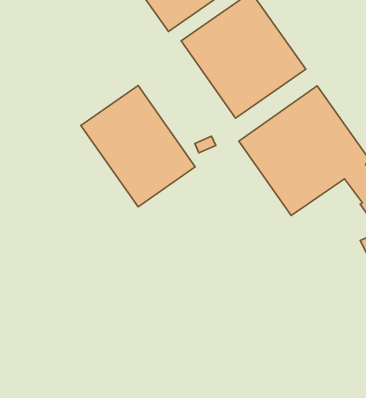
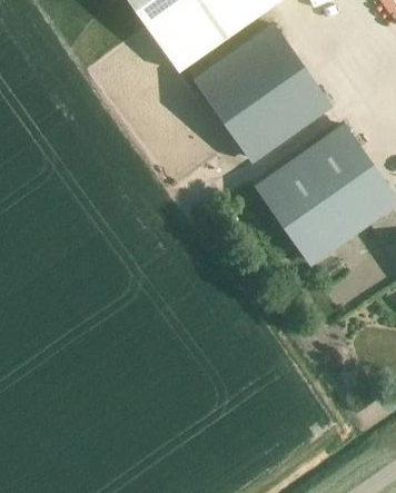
building: [81,85,195,207] -> none

